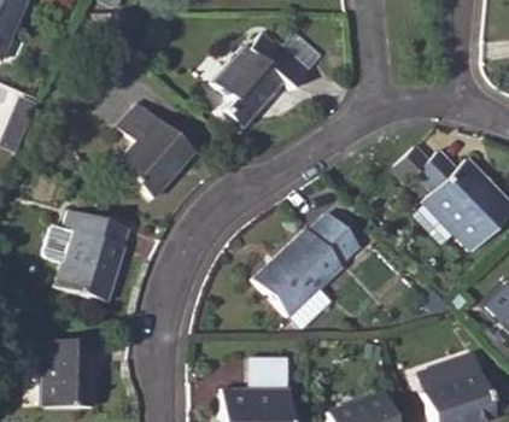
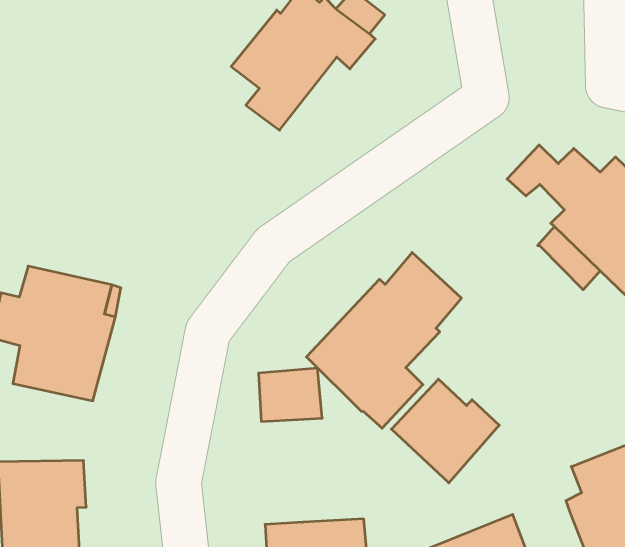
building: [117,102,193,197] -> none
building: none -> [391,379,499,483]
building: [245,357,286,391] -> [259,368,322,421]

